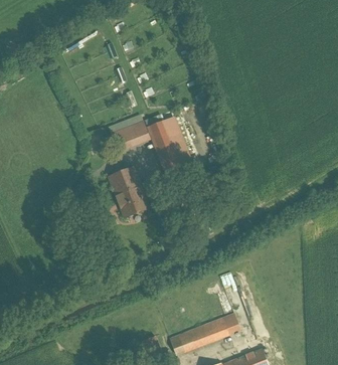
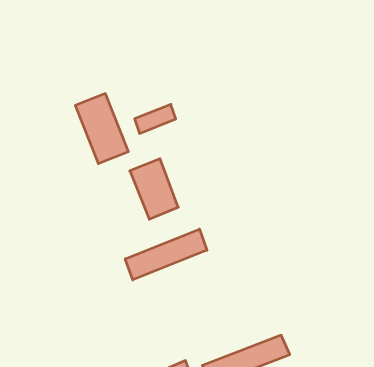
building: [149,118,193,176] -> [75,94,128,164]
building: none -> [125,229,207,280]

